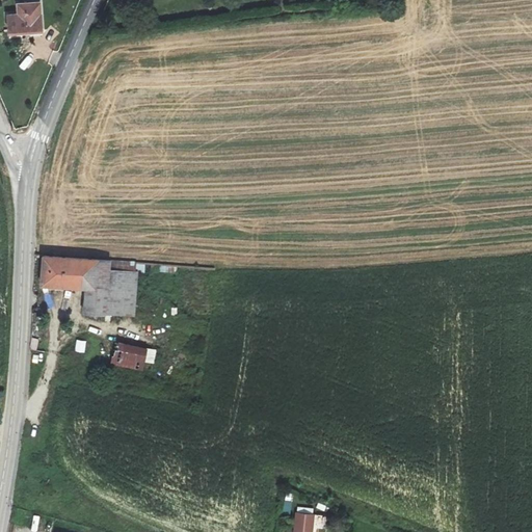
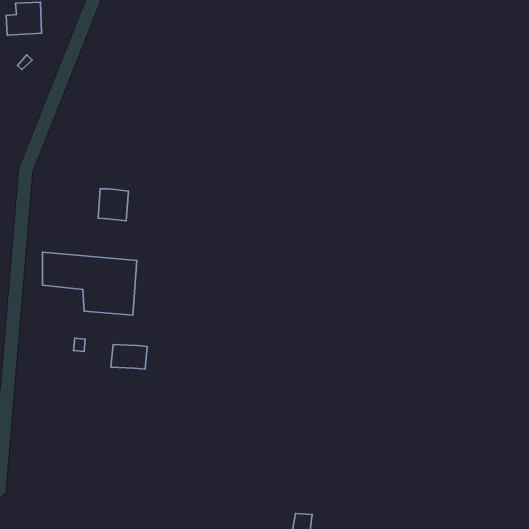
building: none -> [98,189,128,221]

